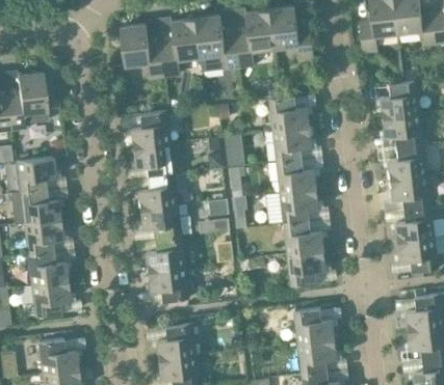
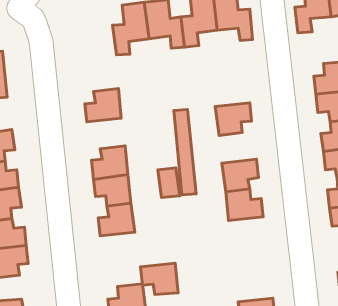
building: [121,25,165,78] -> none
building: [269,97,310,132] -> none
building: [133,144,175,177] -> none
building: [277,160,317,193] -> none
building: [287,251,327,287] -> none
building: [148,268,188,302] -> [141,263,178,295]
building: [294,309,335,343] -> none

